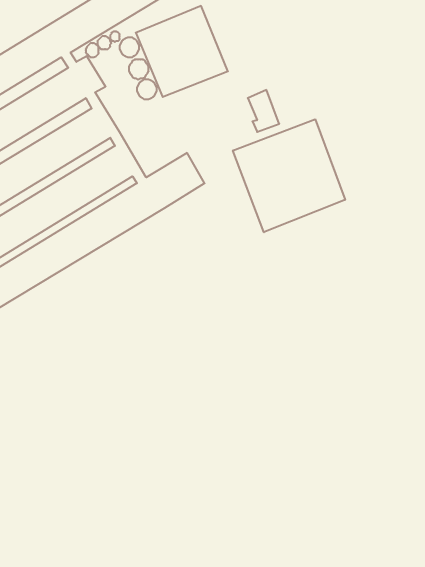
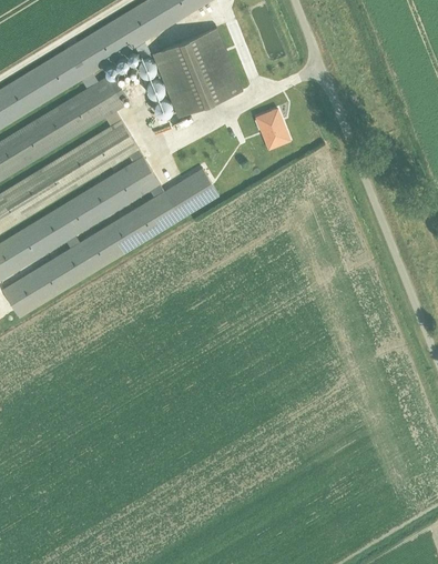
building: [233,119,345,232] -> none

